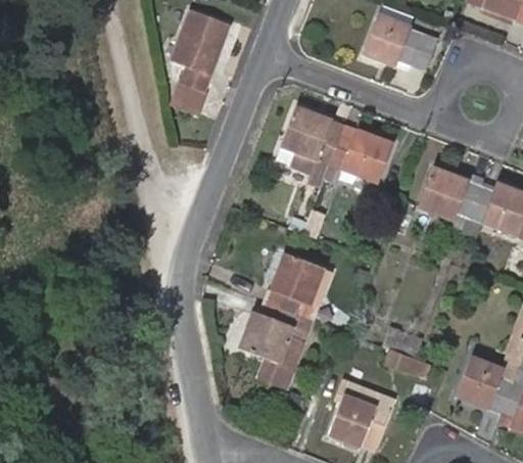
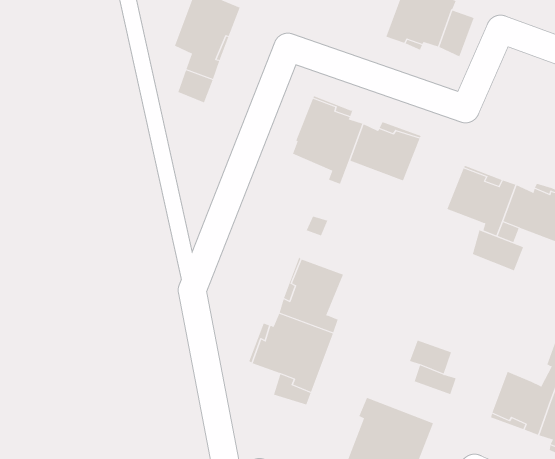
building: none -> [472,230,524,271]

